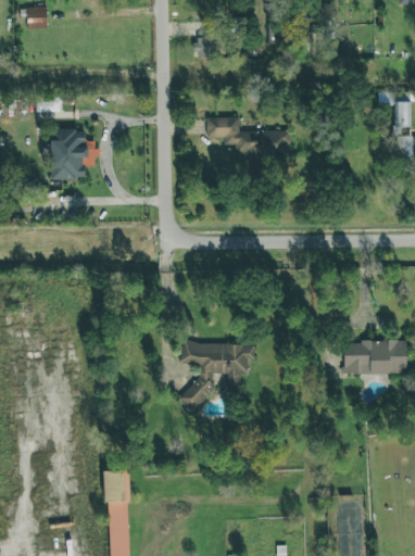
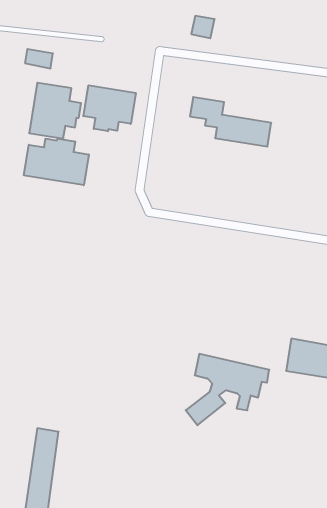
building: none -> [83,85,136,131]
building: none -> [24,138,89,185]
building: [178,341,254,412] -> [186,354,269,425]

